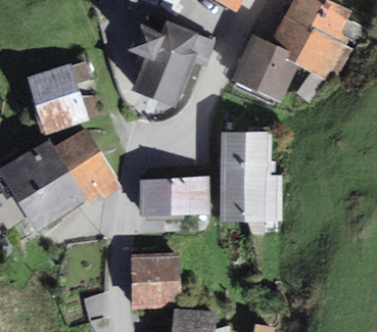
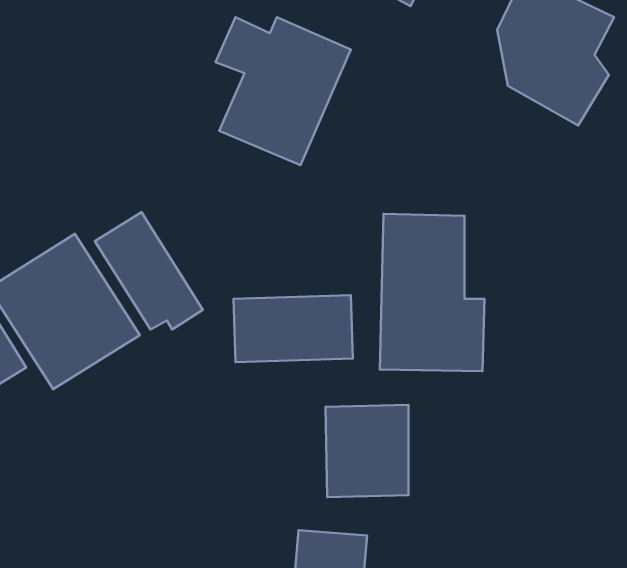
building: [236,44,305,110] -> none
building: [27,70,89,137] -> none
building: [129,253,176,305] -> [325,405,408,497]

